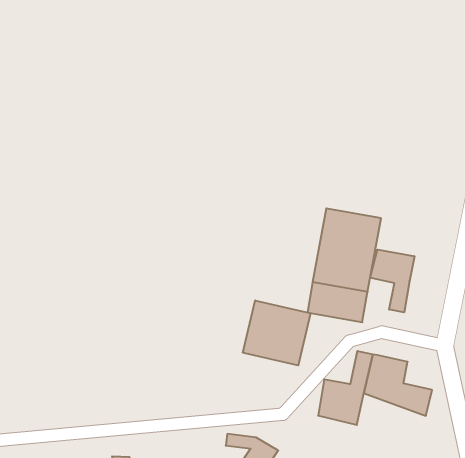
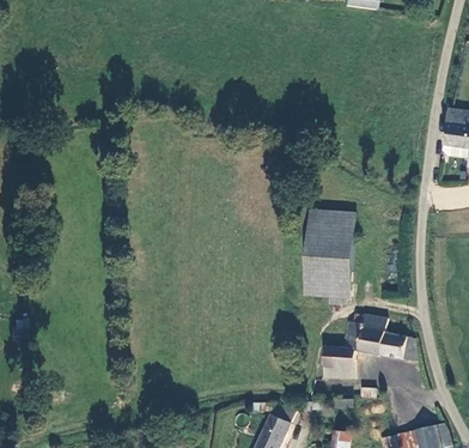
building: [370,250,414,312] -> none
building: [243,300,311,365] -> none

